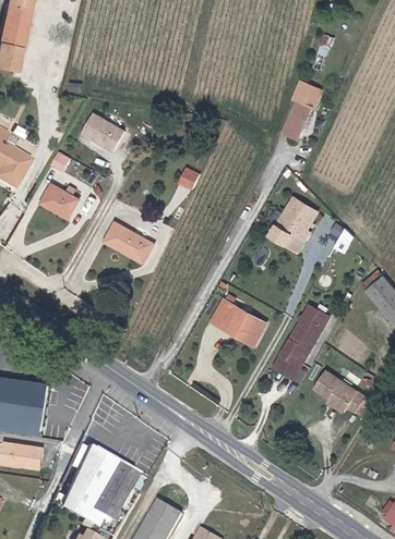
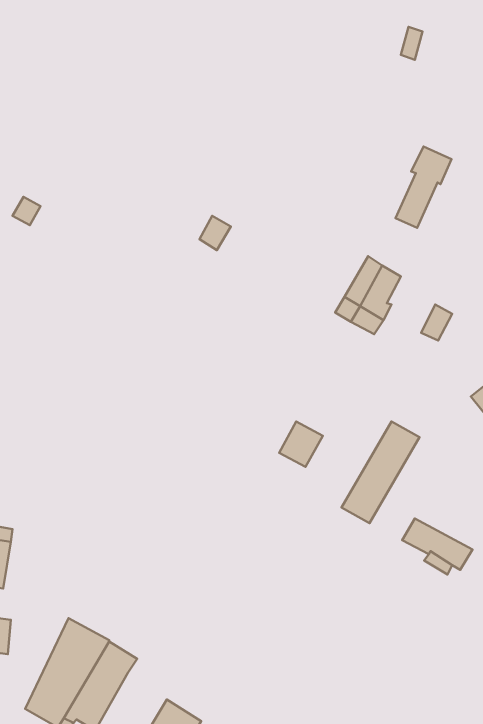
building: [279,83,319,139] -> [395,147,452,228]
building: [81,110,123,148] -> none
building: [44,184,75,212] -> none
building: [106,220,153,257] -> none
building: [211,296,247,331] -> none

